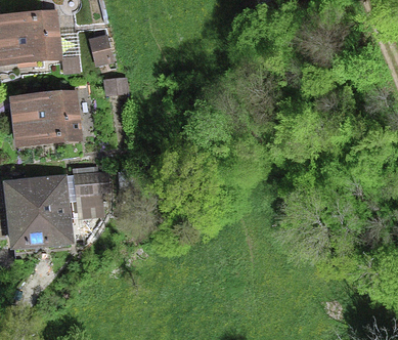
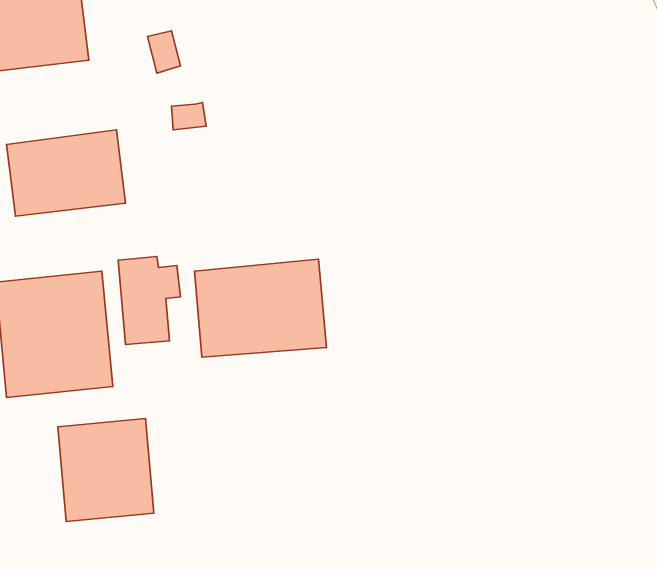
building: none -> [194,259,326,357]
building: none -> [58,419,154,522]

